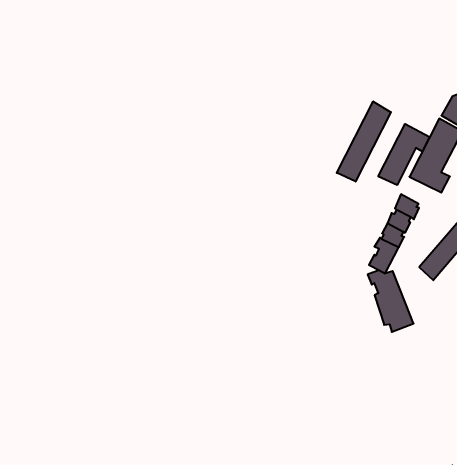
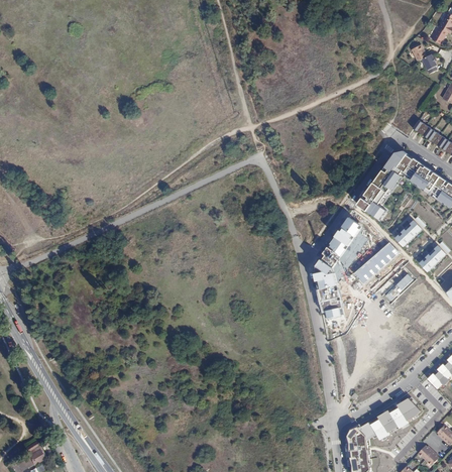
building: [337,101,391,182] -> none
building: [378,124,430,185] -> none

